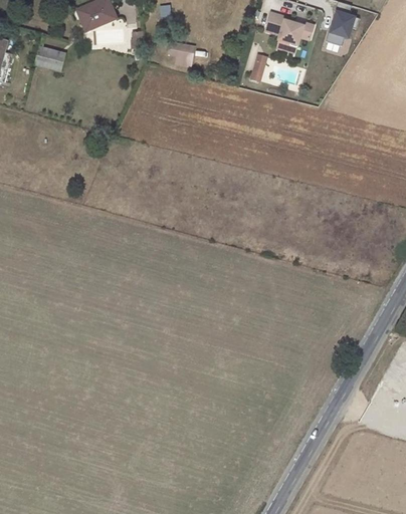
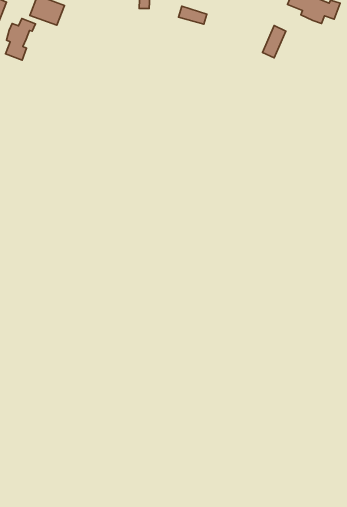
building: none -> [6,18,36,60]

